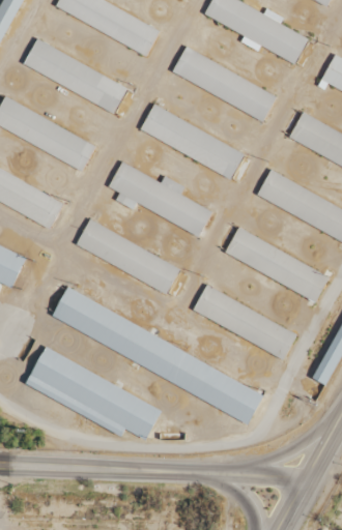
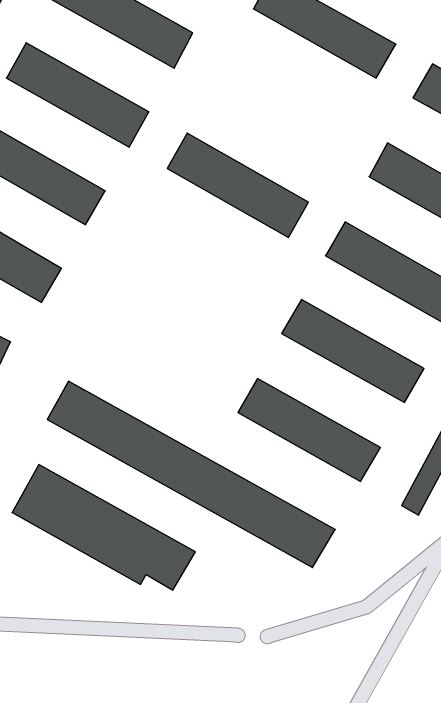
building: [171,46,275,121] -> none
building: [108,161,212,237] -> none
building: [76,217,179,294] -> none

